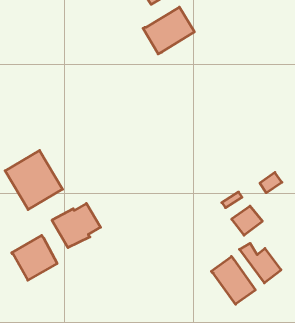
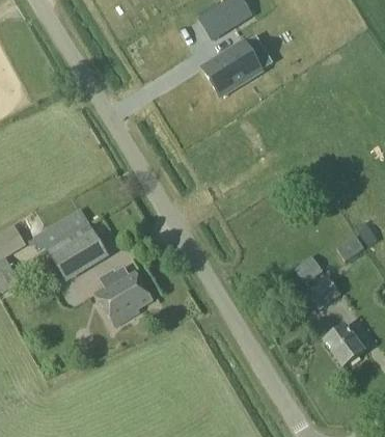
building: [12,235,57,280] -> none
building: [211,256,255,304] -> none

